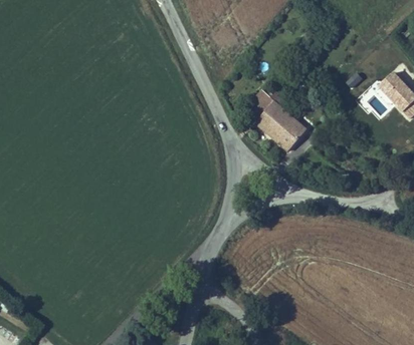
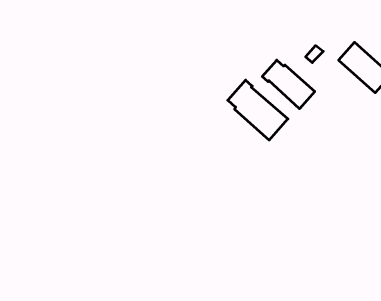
building: none -> [262,60,315,109]

